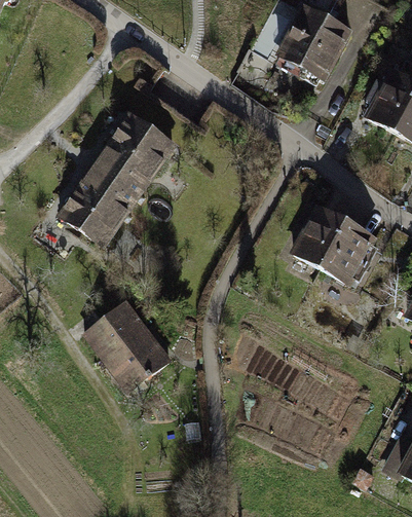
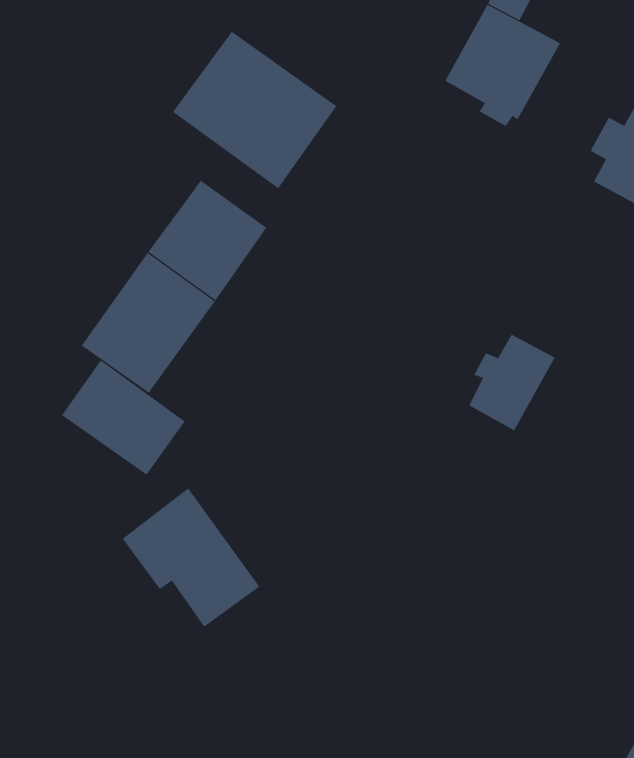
building: none -> [172,31,337,189]
building: [321,222,376,282] -> none
building: none -> [61,360,185,475]

